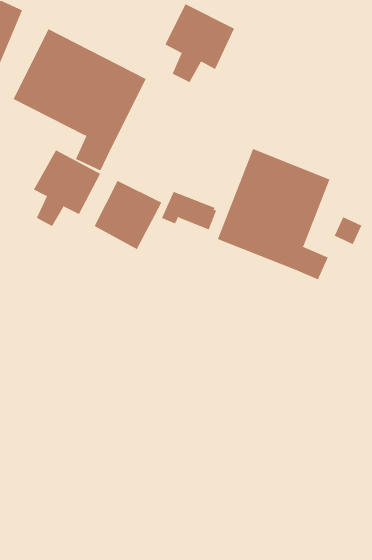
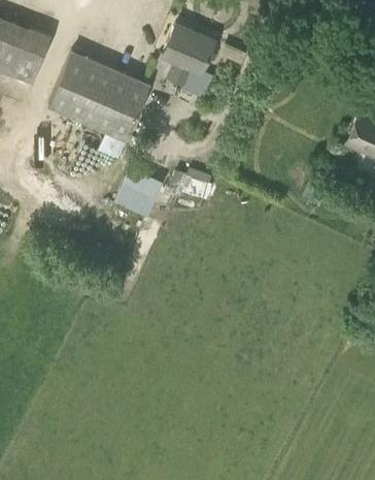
building: [217,148,330,280] -> none
building: [33,150,101,227] -> none

